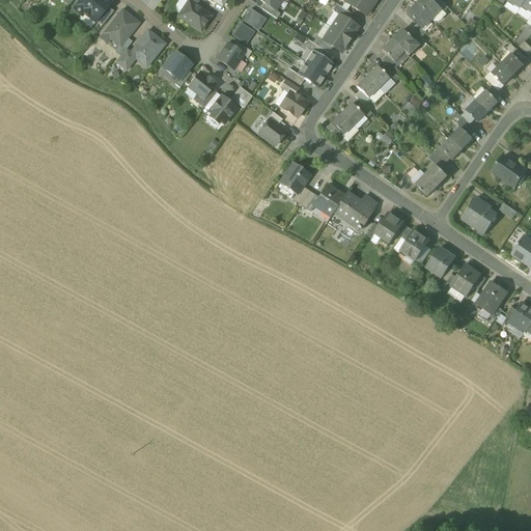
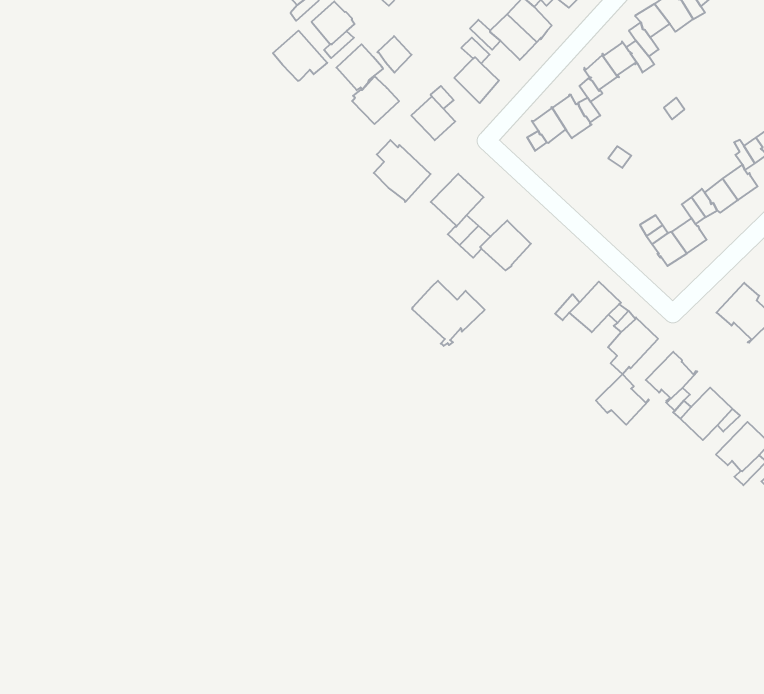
building: none -> [273,31,327,81]
building: none -> [352,77,399,124]
building: none -> [374,140,431,202]
building: [334,192,378,230] -> [412,281,485,346]
building: none -> [596,374,649,425]

